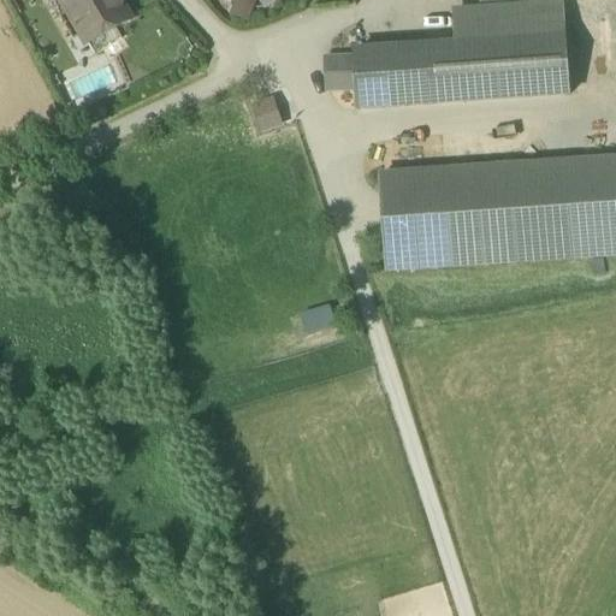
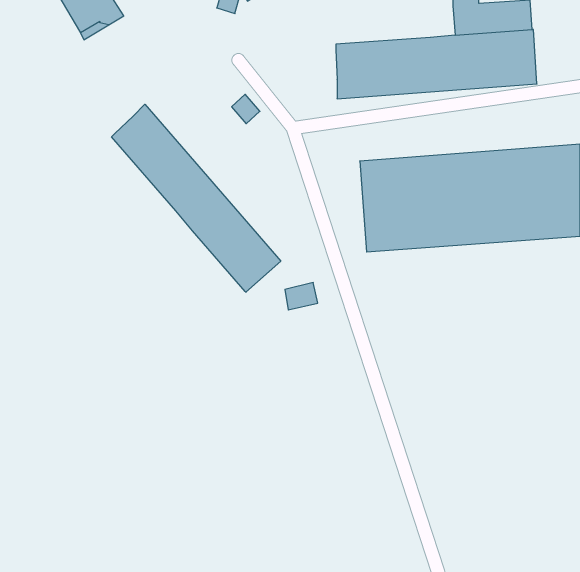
building: [454,6,482,40] -> none
building: [327,53,357,85] -> none
building: none -> [112,104,281,292]

